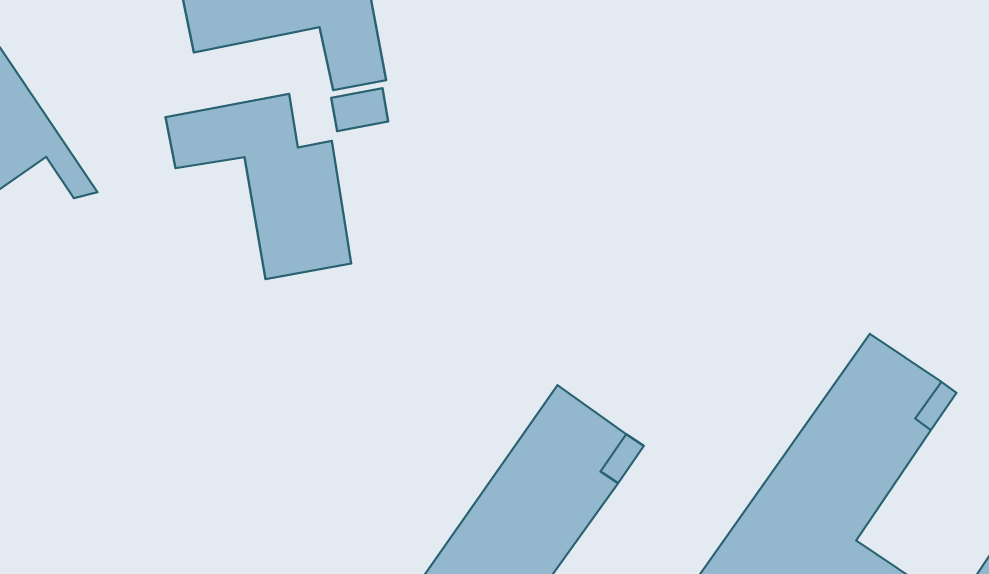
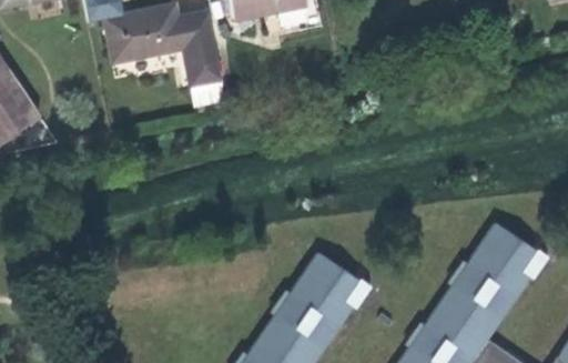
building: [166,94,351,279] -> none

